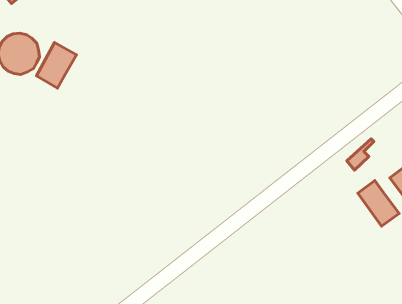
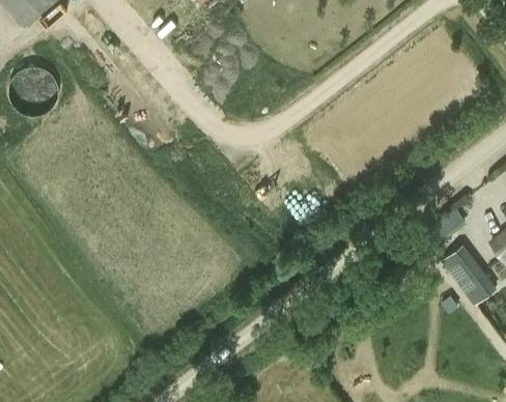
building: [36,43,77,88] -> none

